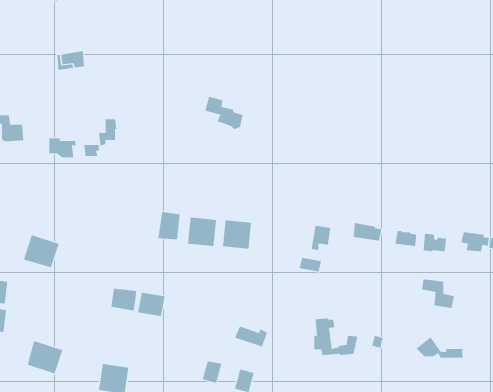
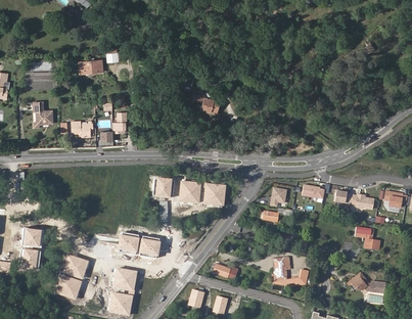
building: [23,234,59,268] -> [61,254,89,279]
building: none -> [113,268,137,291]

